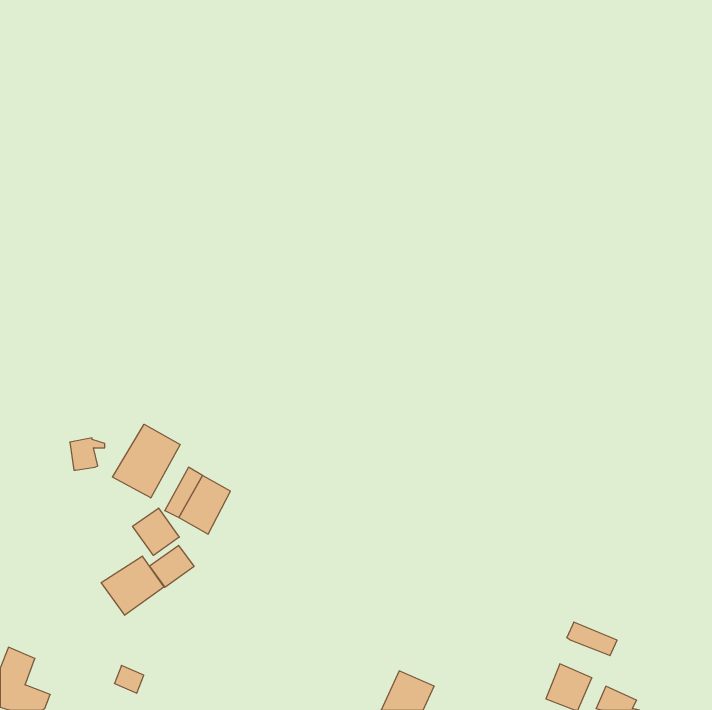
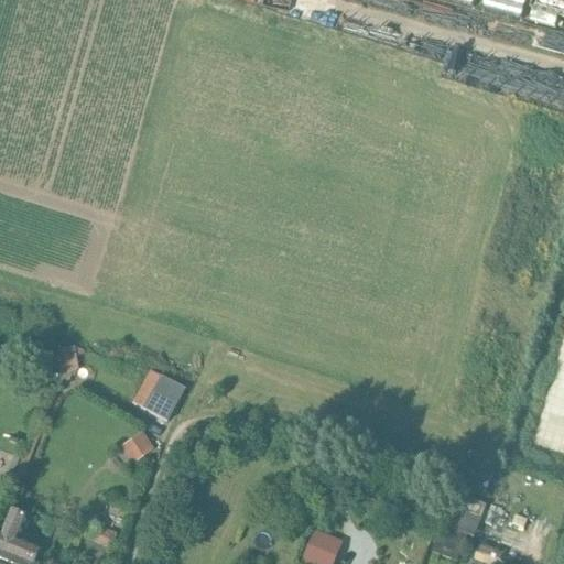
building: [112,424,180,498] -> none
building: [133,508,179,555] -> none
building: [101,556,164,615] -> none

